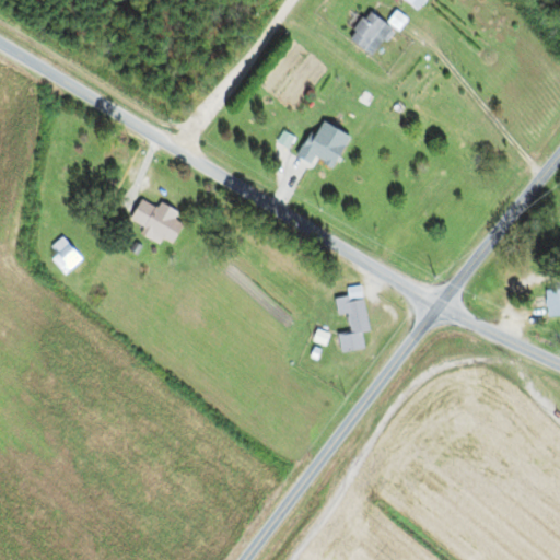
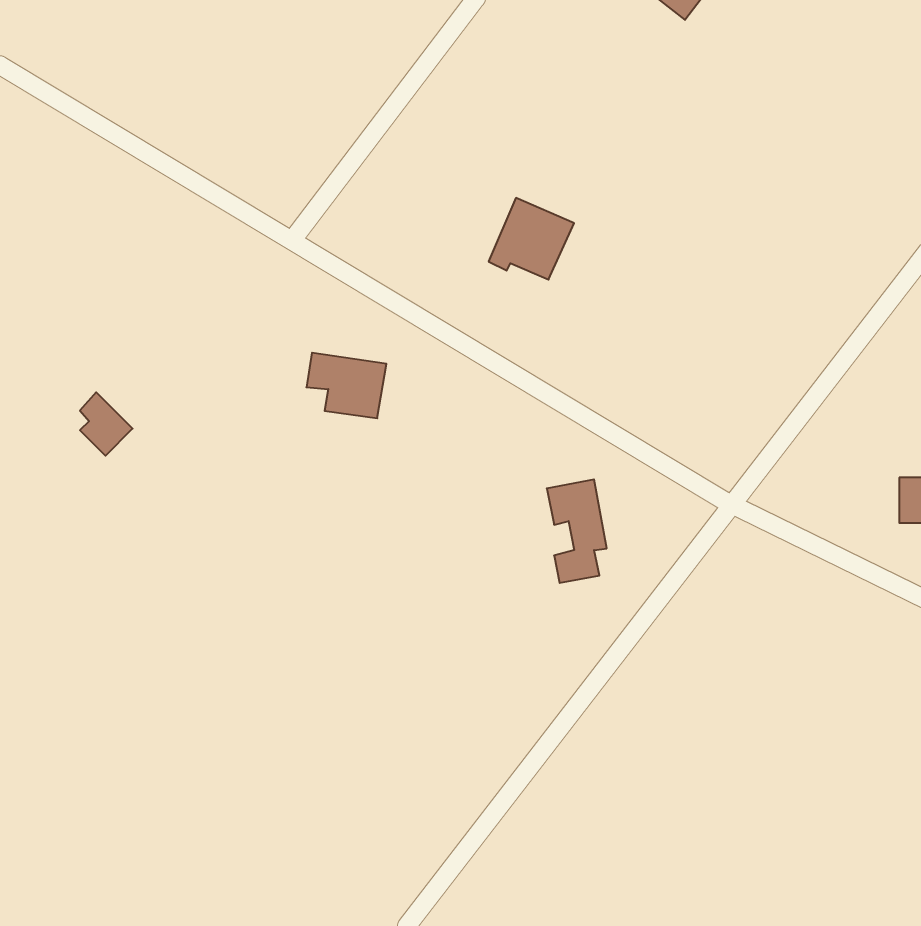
building: [349,12,406,57] -> none
building: [132,201,180,241] -> [306,353,386,418]

